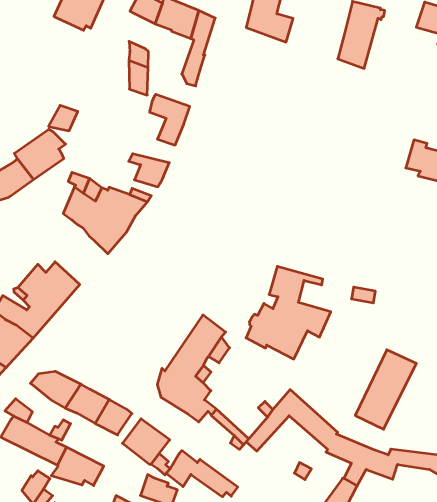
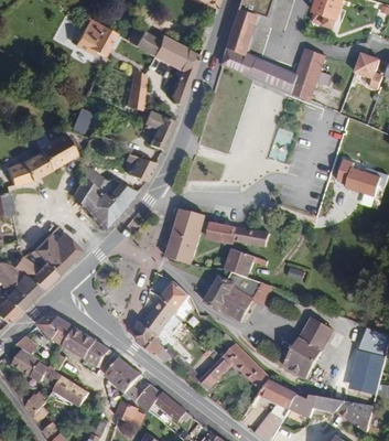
building: none -> [250,58,295,92]
building: none -> [164,207,268,263]

